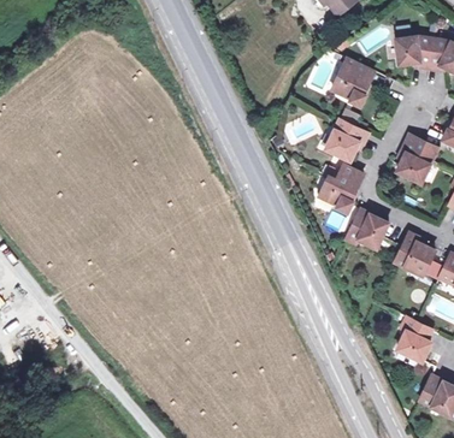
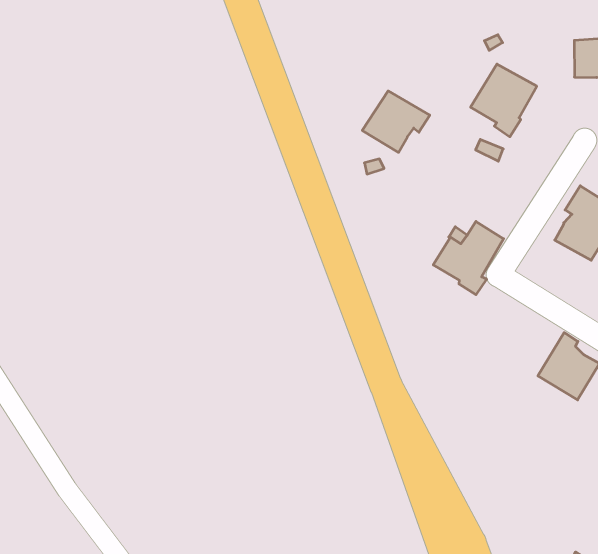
building: [325,119,368,159] -> [362,91,430,152]
building: [346,208,388,248] -> none
building: [395,315,430,360] -> none

